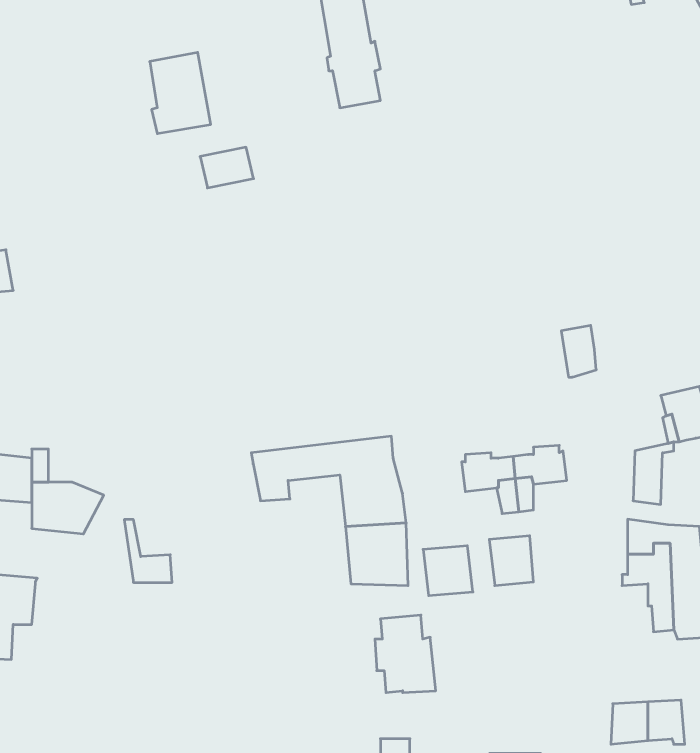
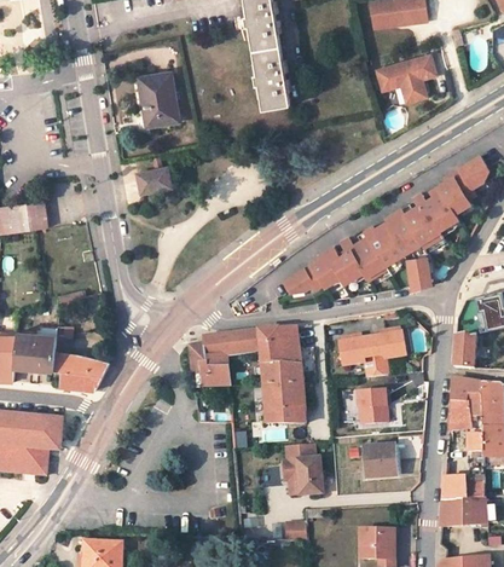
building: none -> [380,54,441,103]
building: [200,147,254,188] -> [135,169,170,196]
building: none -> [283,152,487,290]
building: [124,520,172,582] -> [199,345,231,386]
building: [423,546,473,596] -> [366,445,399,478]
building: none -> [441,479,486,502]

